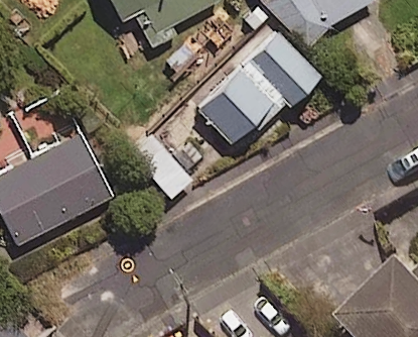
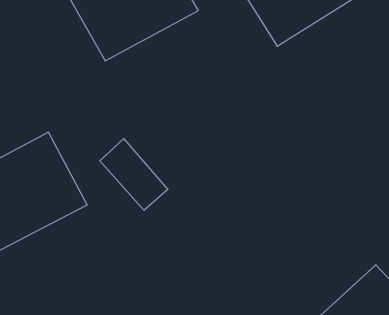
building: [194,35,313,147] -> none

